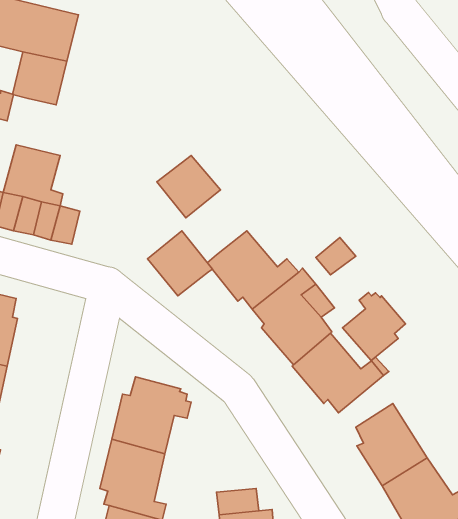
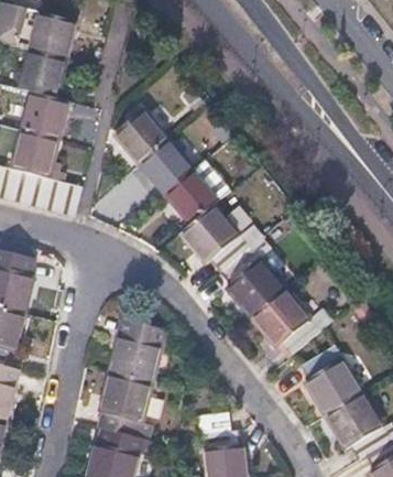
building: none -> [24,95,69,142]
building: none -> [117,110,170,164]
building: [147,231,212,296] -> [165,171,219,225]
building: [343,292,405,361] -> none

